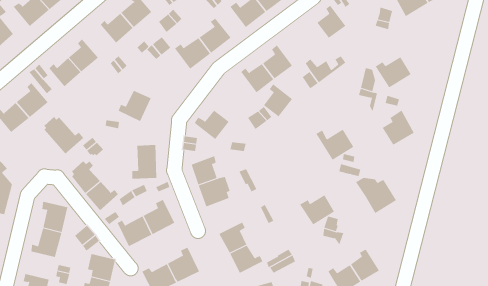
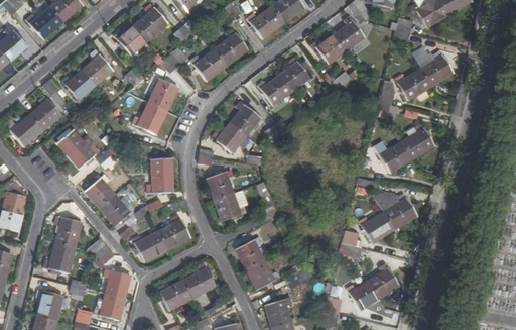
building: none -> [309,34,347,65]
building: none -> [420,50,454,87]
building: none -> [148,77,177,111]
building: [263,83,293,117] -> [230,101,260,135]
building: [315,129,354,161] -> [373,141,412,174]
building: [299,194,335,225] -> [358,212,394,243]

